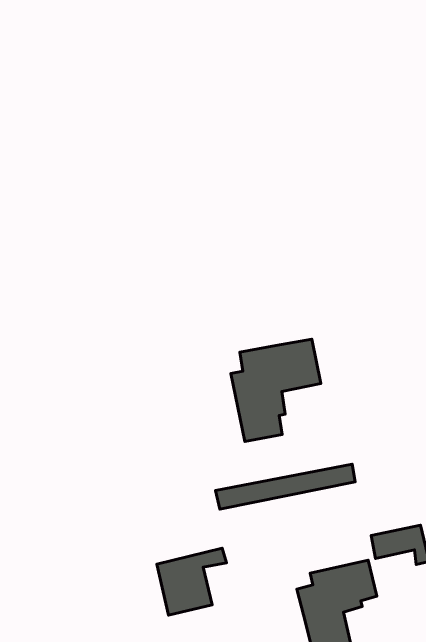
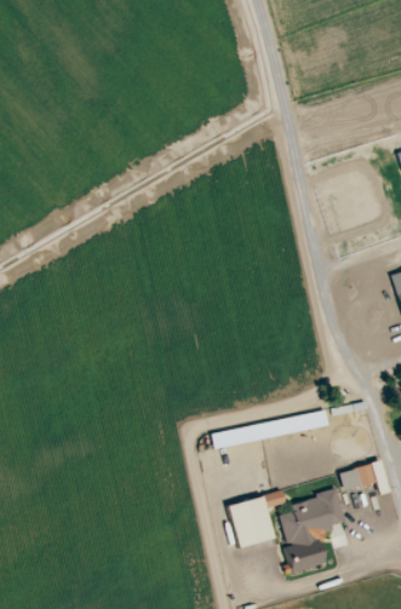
building: [231,339,321,442] -> none
building: [157,548,227,615] -> [229,490,287,546]

